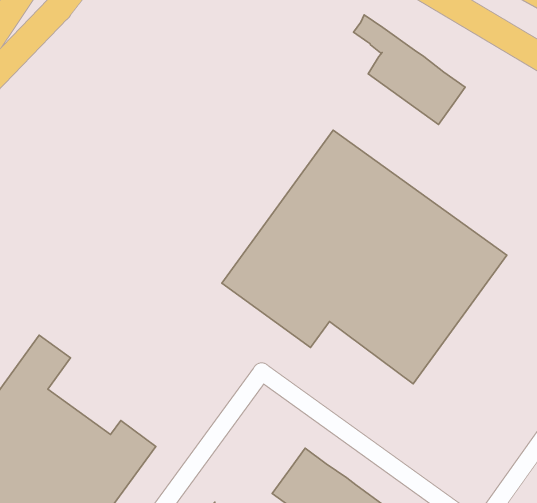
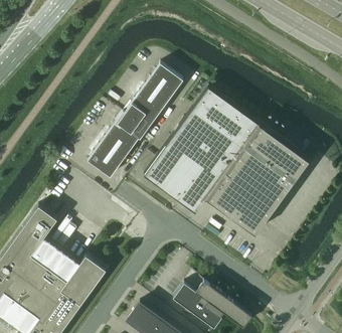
building: [353,15,465,125] -> none
building: none -> [88,63,183,178]

